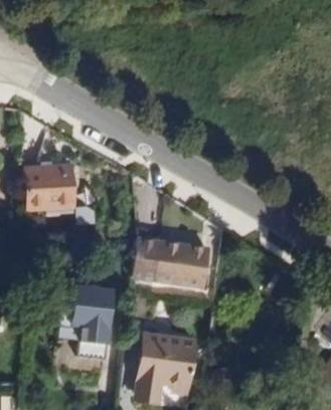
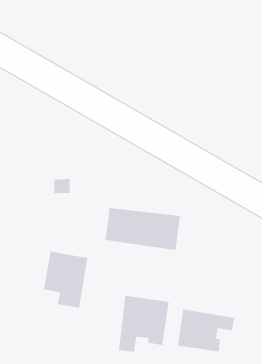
building: [26,167,76,209] -> none
building: none -> [177,309,235,352]

